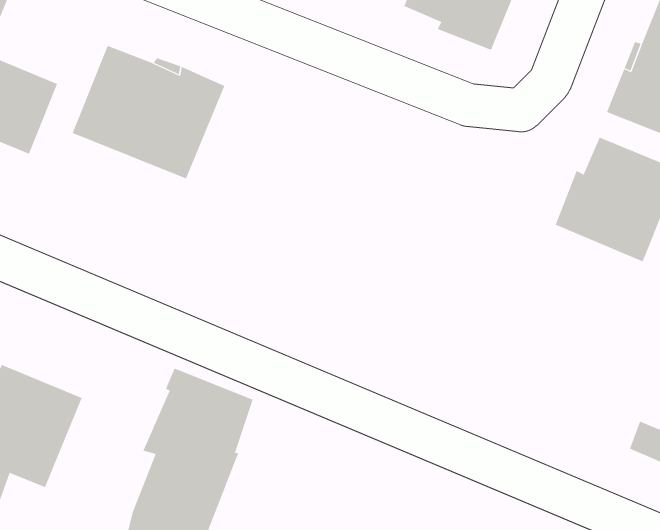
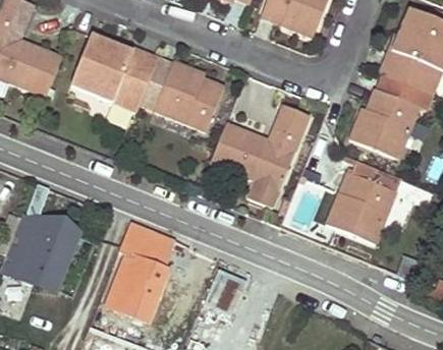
building: none -> [154,60,225,131]
building: none -> [210,104,310,189]
building: none -> [326,172,396,242]

